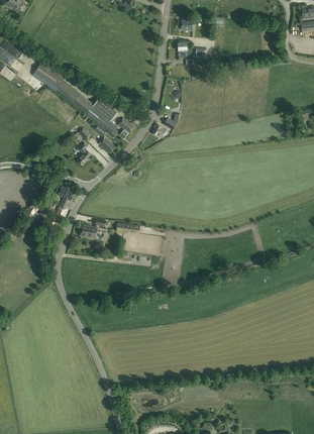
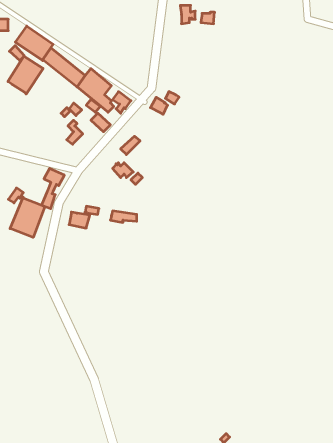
building: none -> [8,56,43,94]
building: none -> [10,197,45,237]

